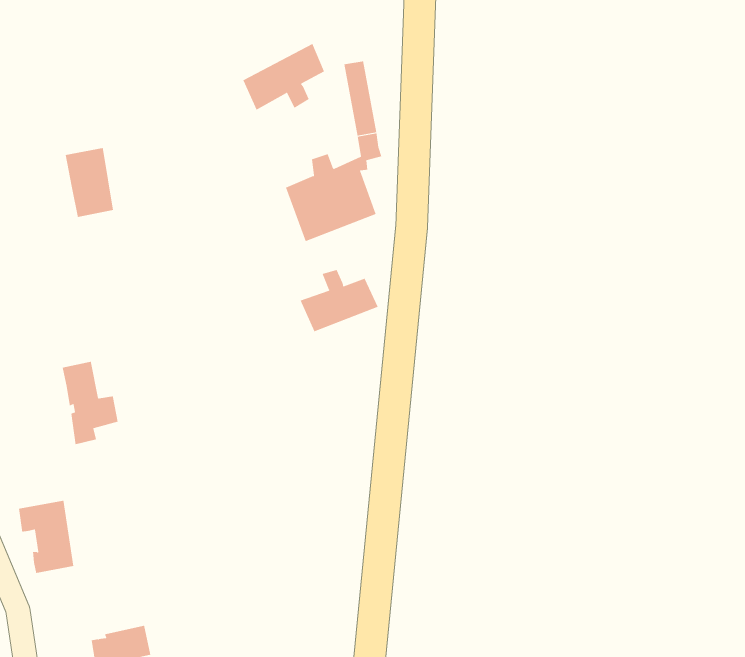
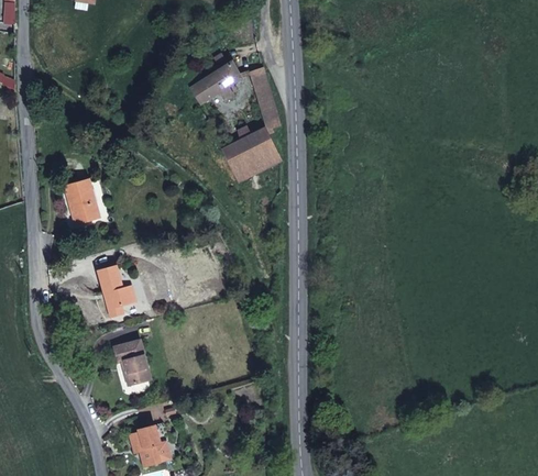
building: [65,148,114,218] -> [64,180,97,224]
building: [300,269,379,332] -> none
building: [18,500,74,573] -> [112,340,150,386]

